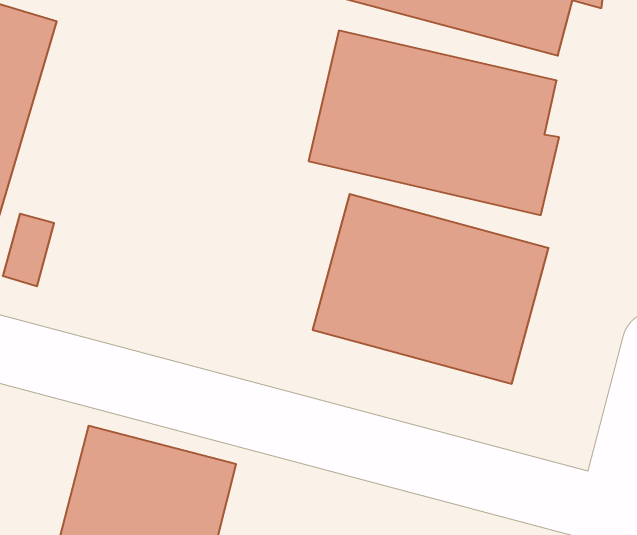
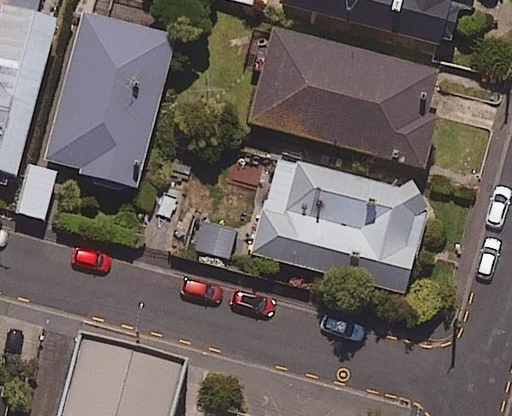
building: none -> [39,12,176,190]

